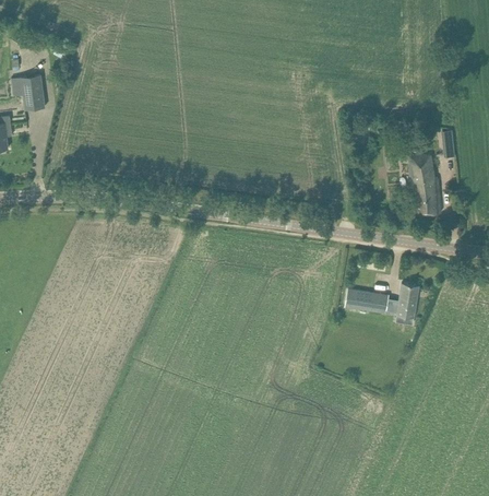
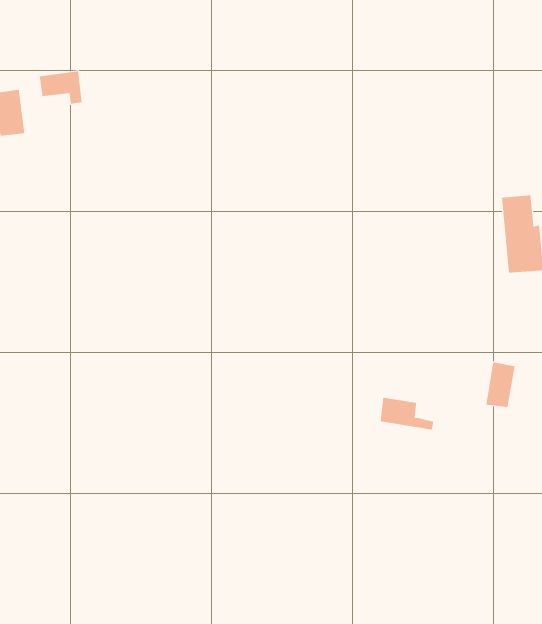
building: none -> [39,71,82,104]
building: [345,288,386,314] -> [380,397,434,430]

